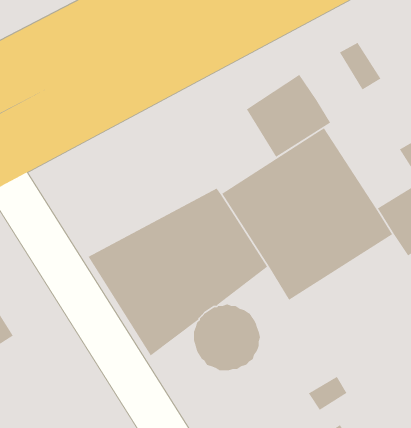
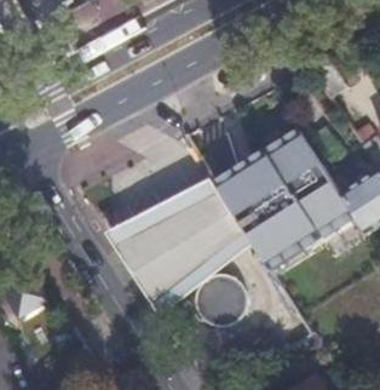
building: [246,74,331,158] -> none

